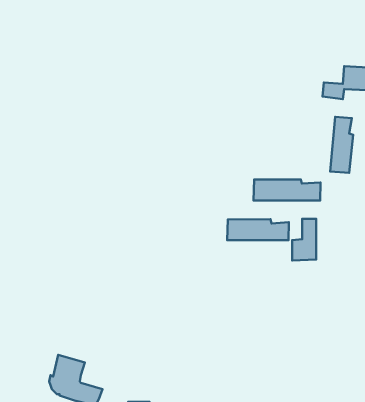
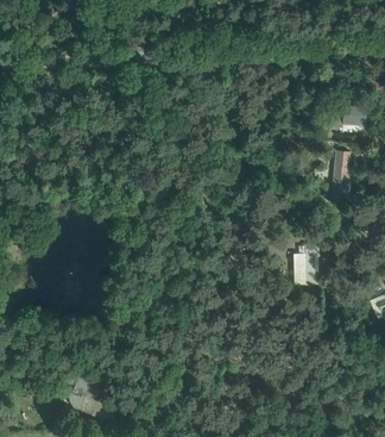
building: [254,179,321,201] -> none
building: [227,219,289,240] -> none

